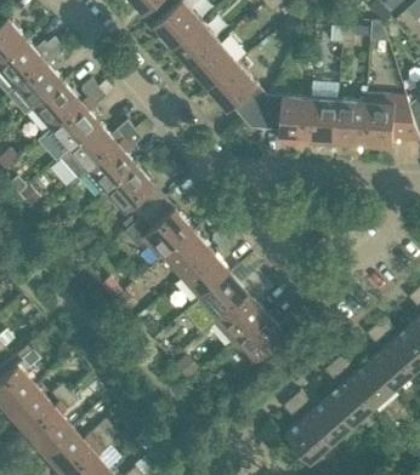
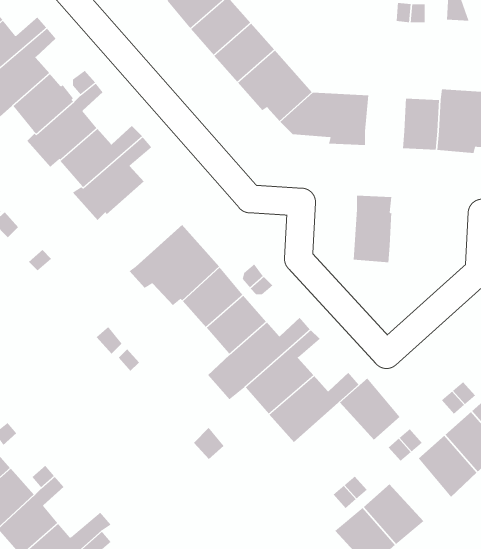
building: [308,88,339,141] -> [353,195,392,263]
building: [108,166,166,231] -> none
building: [327,379,374,428] -> [339,377,401,440]

